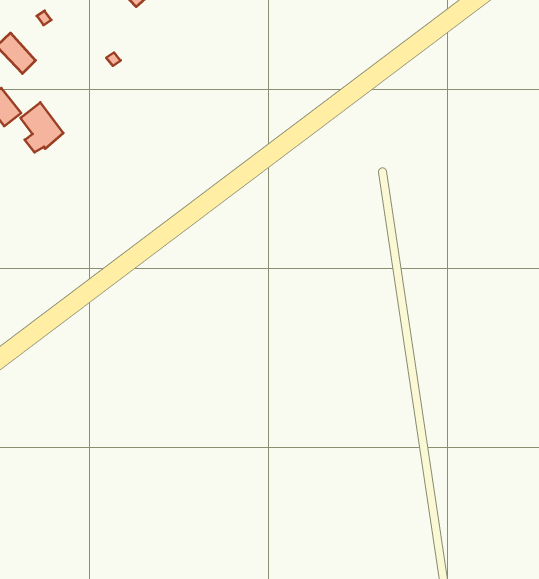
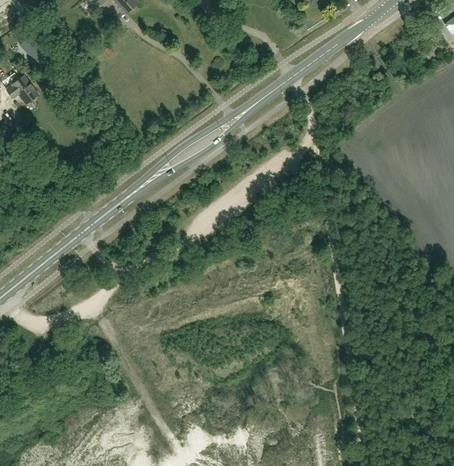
building: [21,102,63,152] -> none

